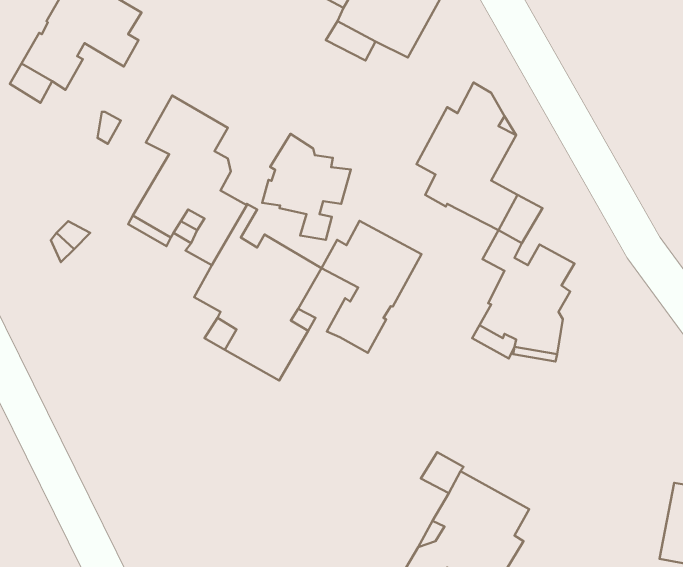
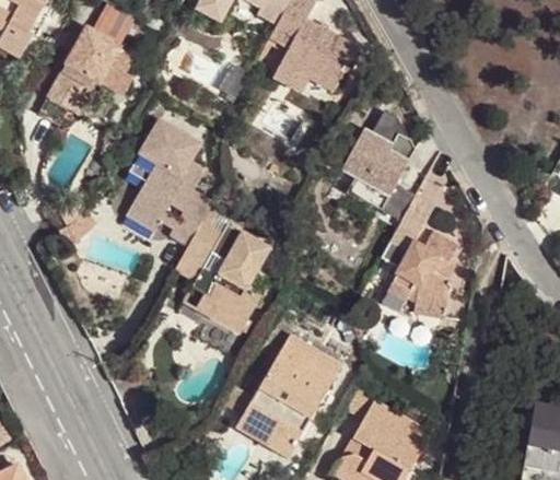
building: [262,134,351,240] -> none
building: [321,221,421,353] -> none
building: none -> [235,332,342,457]

